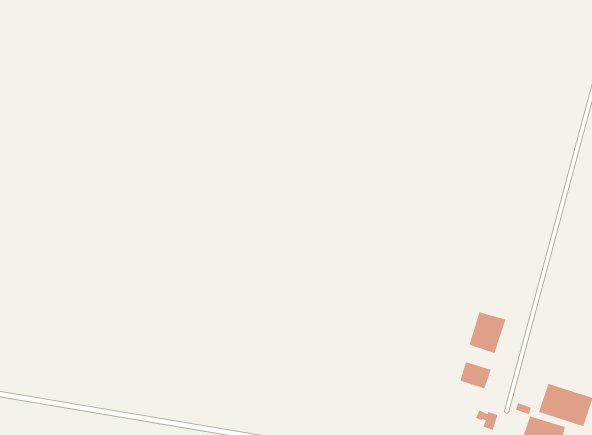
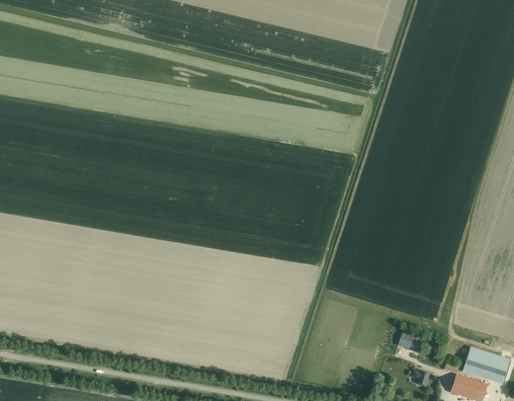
building: [469,311,506,354] -> none

